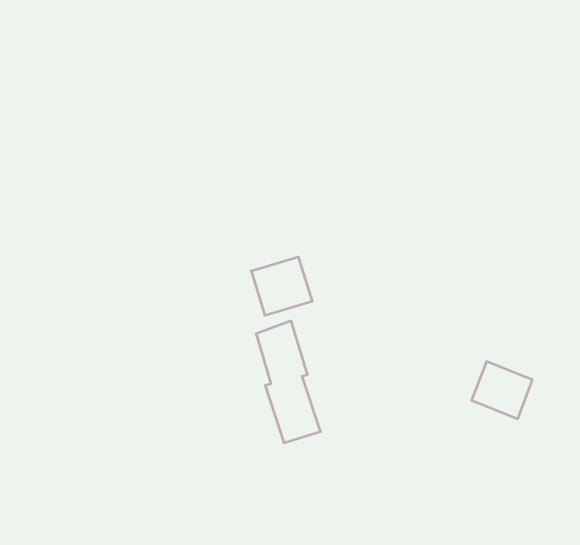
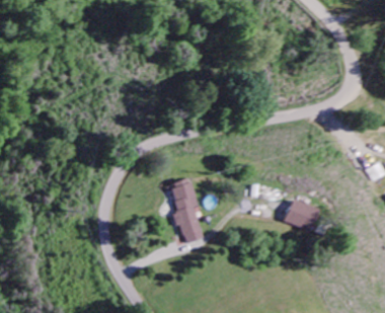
building: [251,257,312,315] -> none

